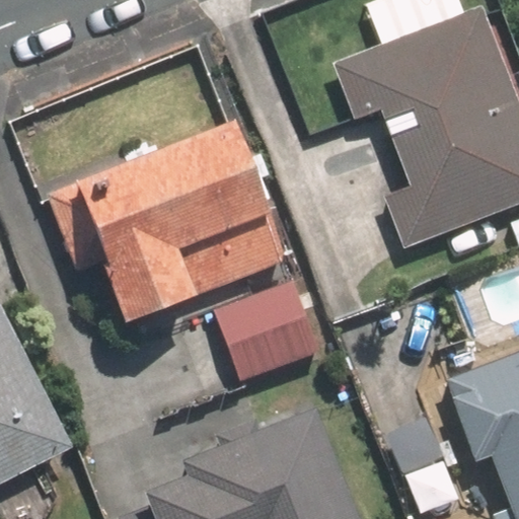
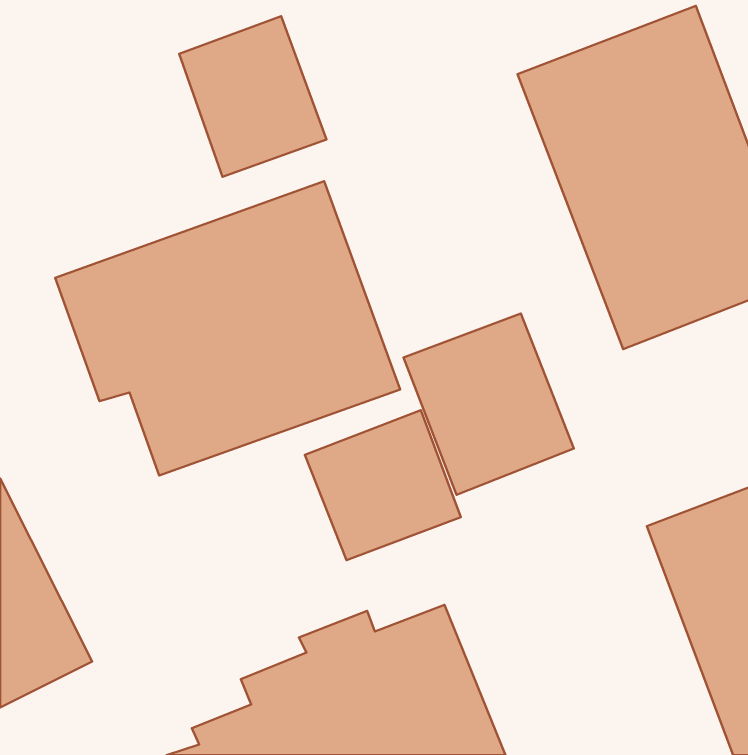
building: none -> [179,16,327,177]
building: none -> [404,314,574,495]

